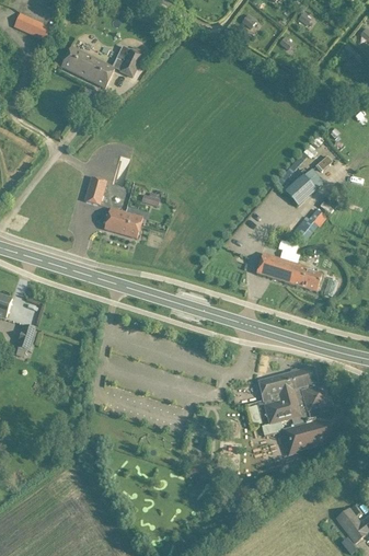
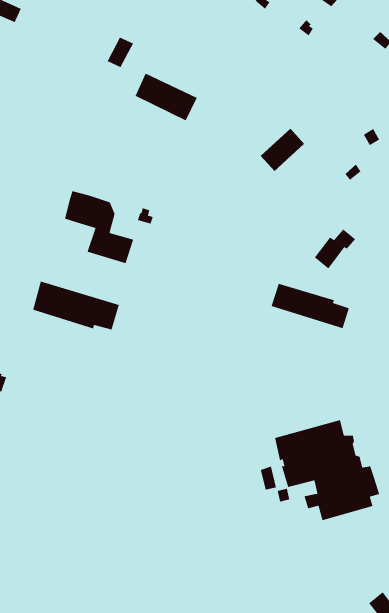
building: [61,46,114,86] -> [134,72,198,121]
building: [285,169,322,205] -> [260,128,305,172]
building: none -> [32,280,120,331]

